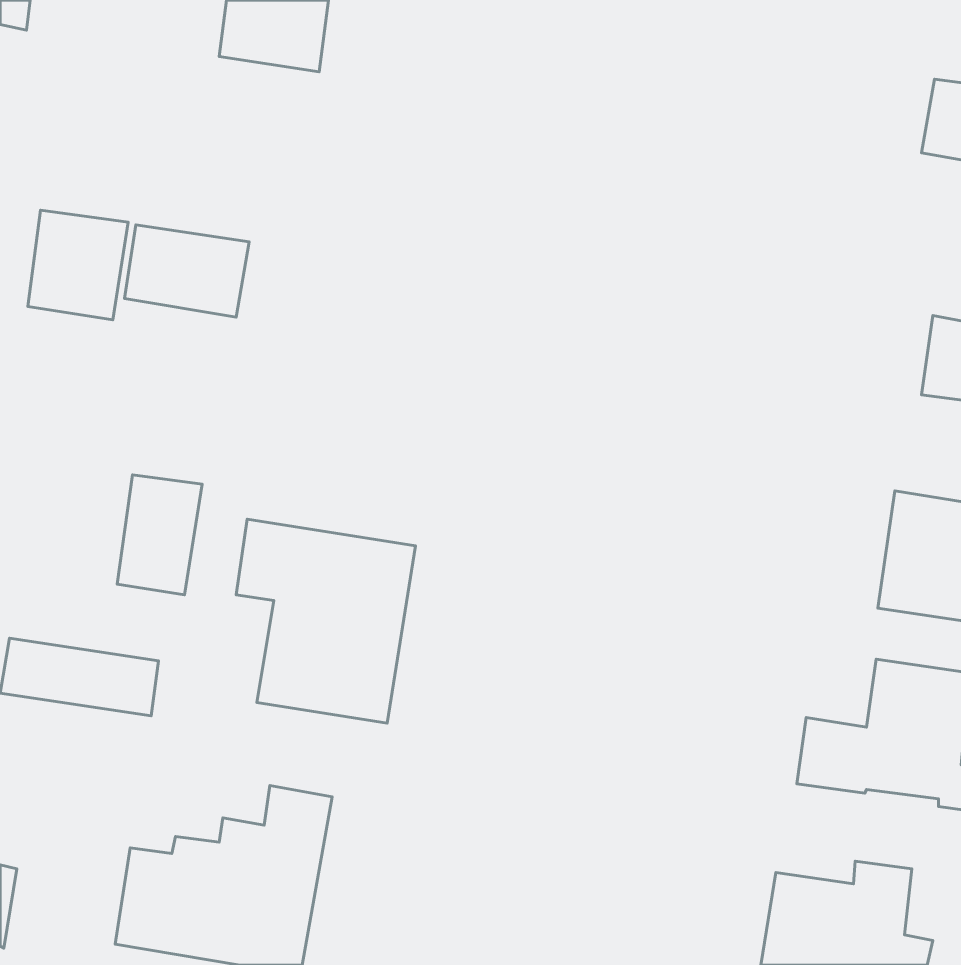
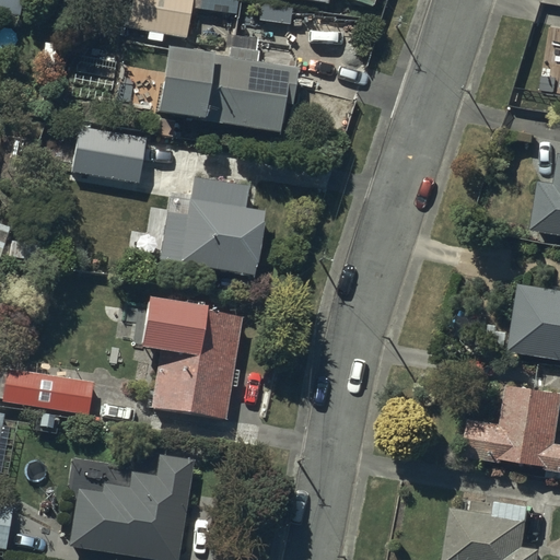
building: none -> [155,45,299,131]
building: [28,210,128,320] -> none
building: none -> [158,177,265,277]
building: [117,475,202,595] -> none

